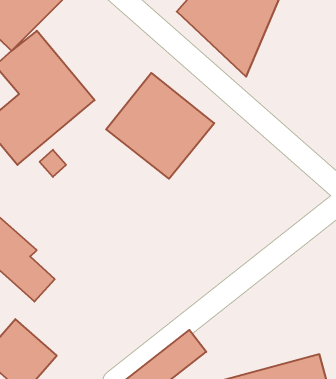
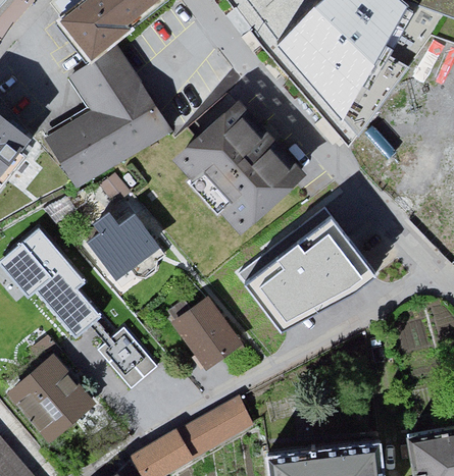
building: none -> [236,210,371,334]
building: none -> [83,198,162,274]
building: none -> [178,298,239,362]
building: none -> [98,328,157,389]

